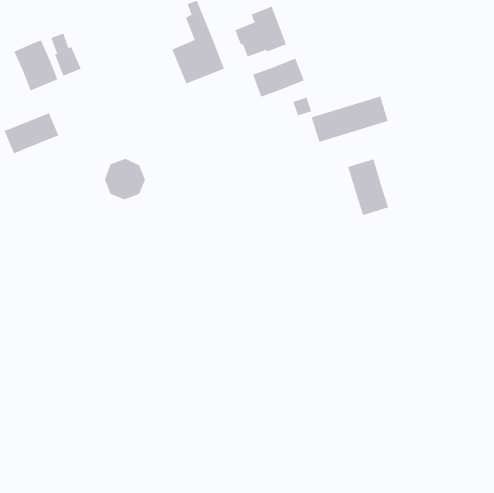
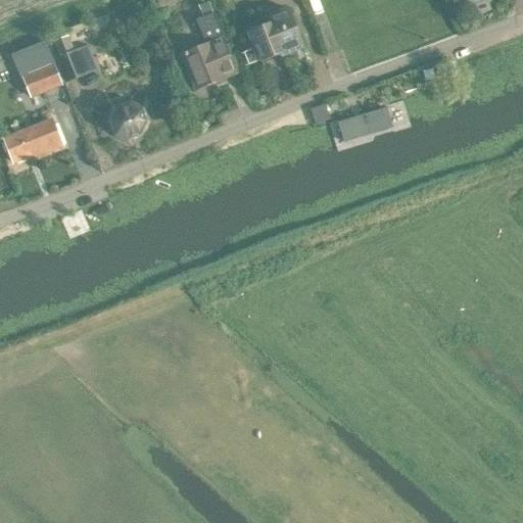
building: [252,58,304,97] -> none
building: [104,158,146,200] -> [106,98,150,142]
building: [348,158,389,216] -> none

